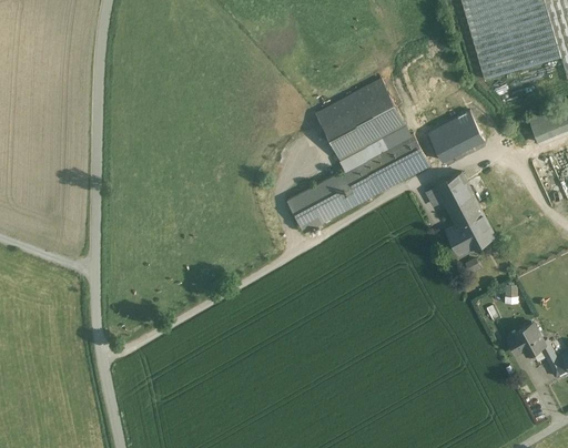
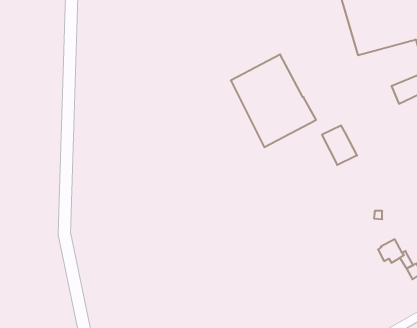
building: [428,112,484,161] -> none
building: [286,171,359,232] -> none
building: [450,213,494,254] -> none

